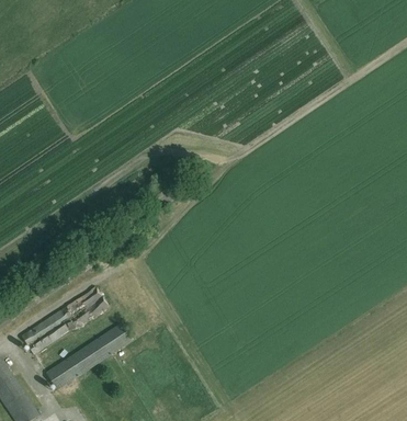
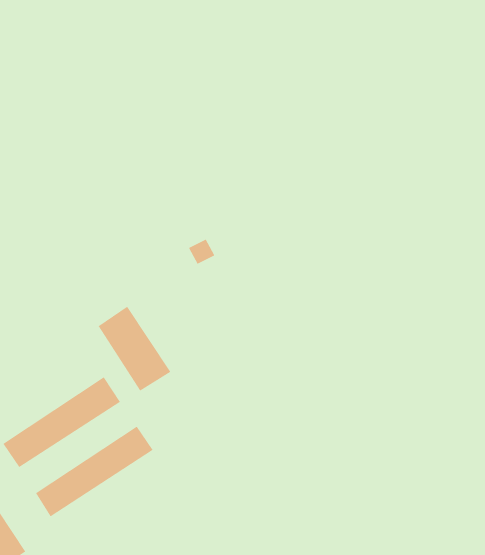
building: none -> [98,306,171,392]

